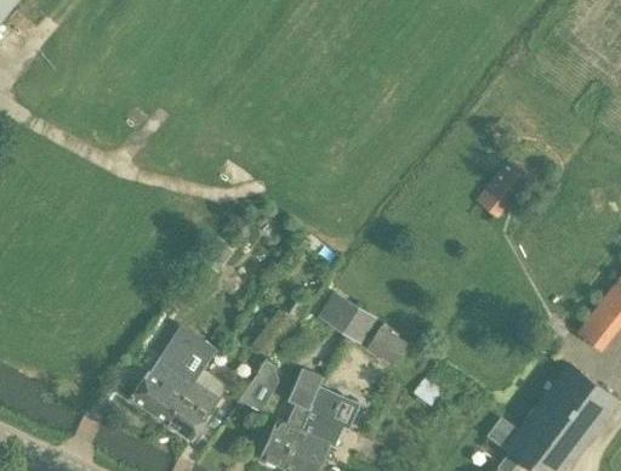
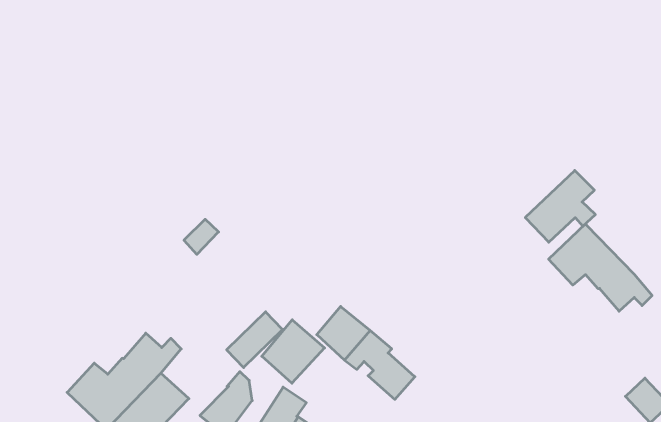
building: none -> [549,223,652,311]
building: none -> [262,320,325,383]

